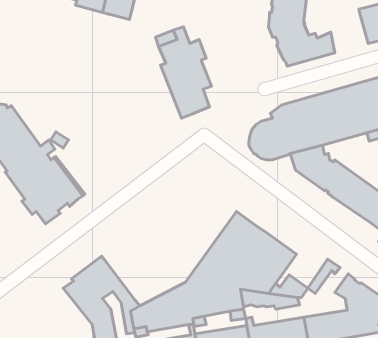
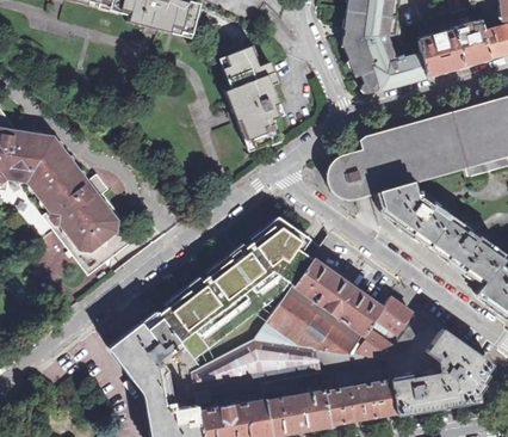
building: none -> [419,29,464,76]
building: none -> [161,226,321,361]
building: none -> [371,297,413,334]

